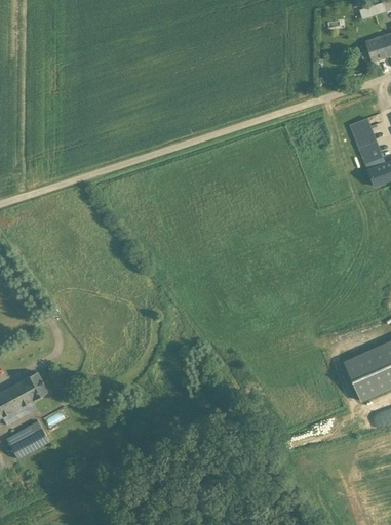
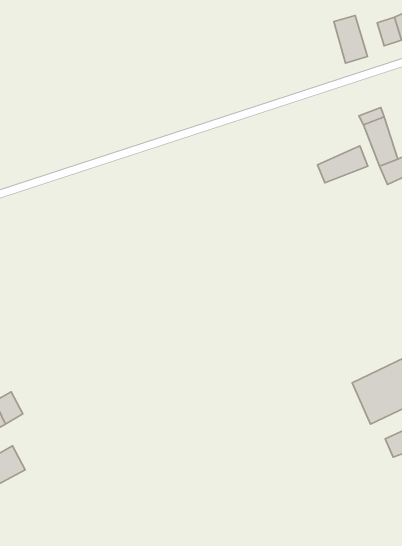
building: none -> [334,16,367,63]
building: none -> [318,146,368,183]

